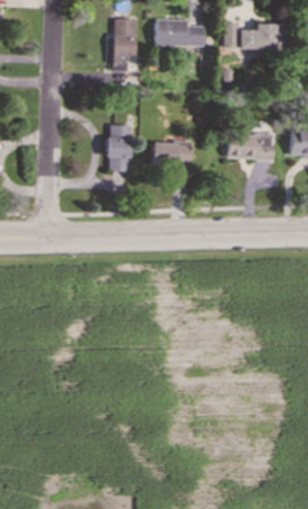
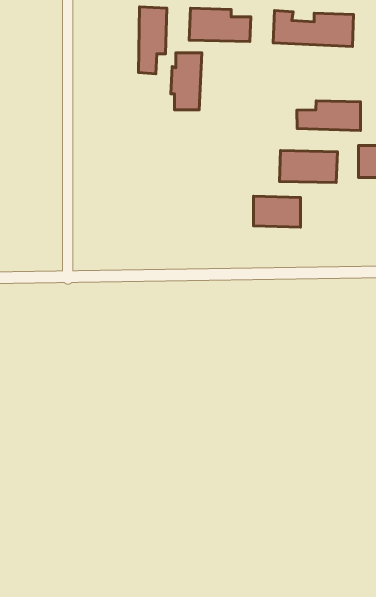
building: none -> [297,101,361,130]
building: [106,125,131,171] -> [171,53,202,110]
building: [153,141,191,166] -> [253,196,300,227]

